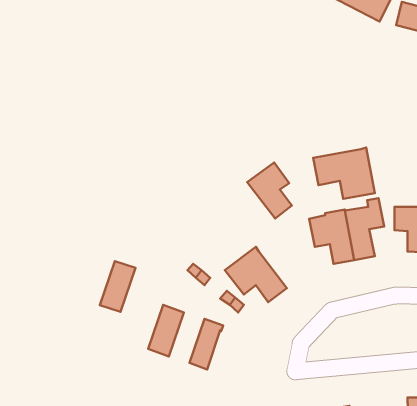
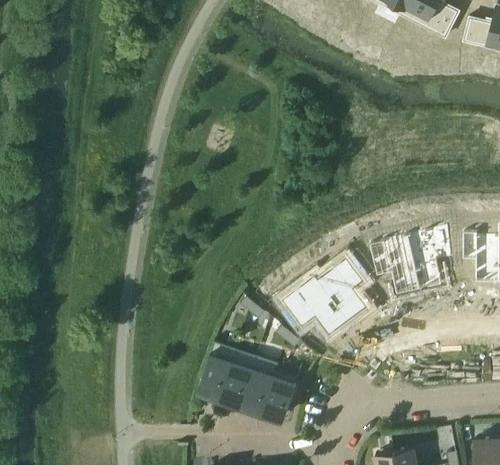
building: [313,147,375,199] -> none
building: [247,162,292,219] -> [317,263,365,323]
building: [100,261,135,312] -> [221,349,259,403]
building: none -> [262,368,299,417]

